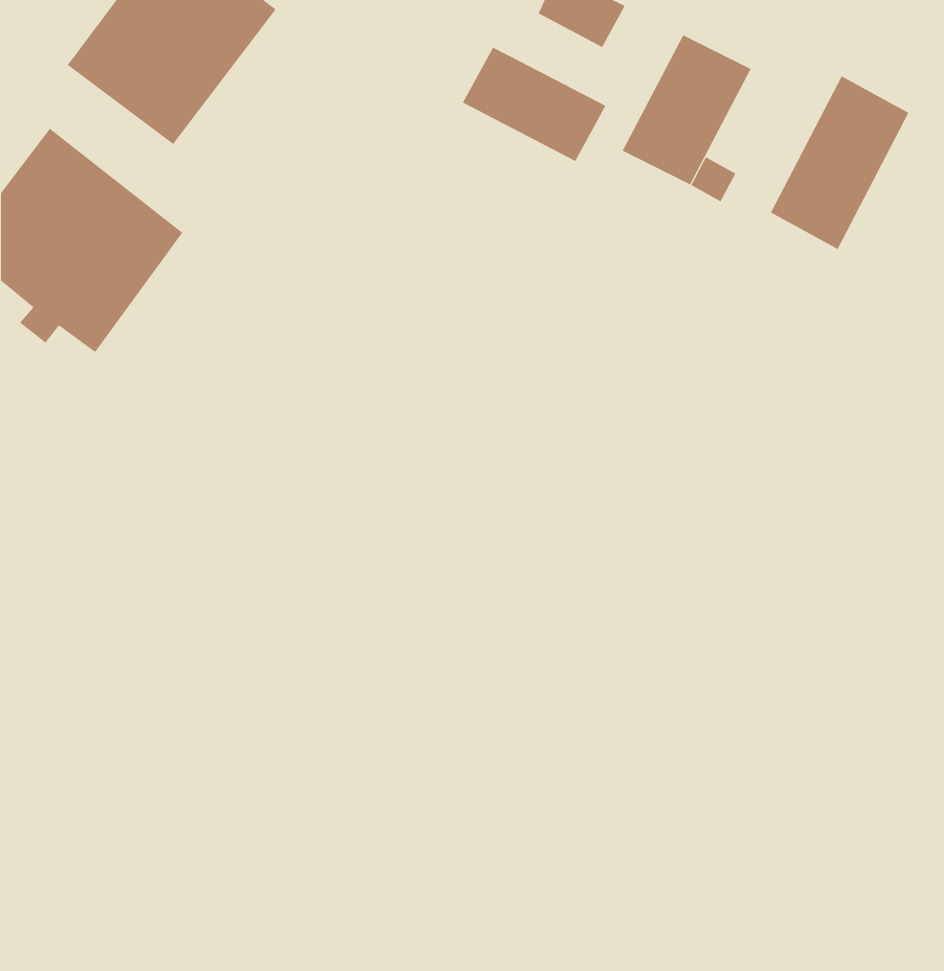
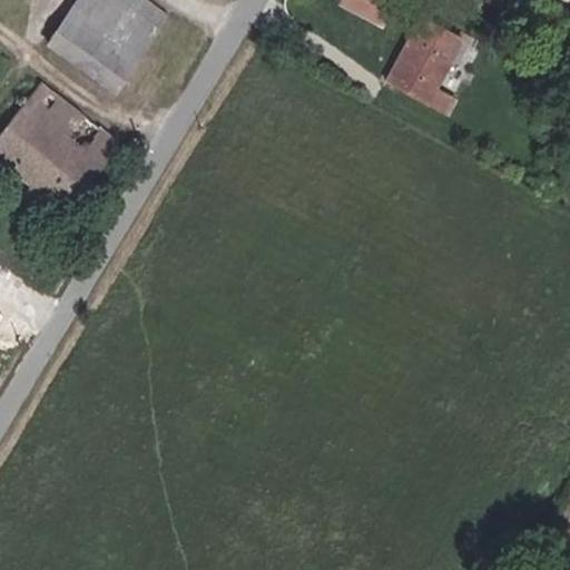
building: [462,47,606,162] -> none
building: [770,76,909,250] -> none

